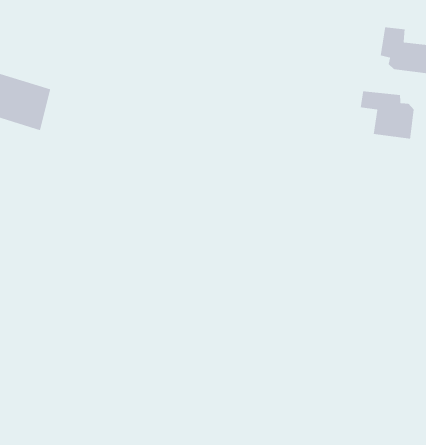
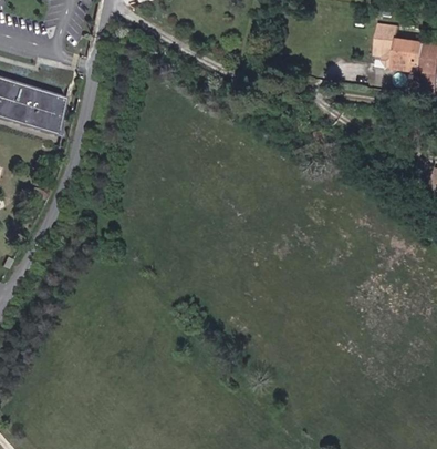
building: [360,90,415,140] -> none

